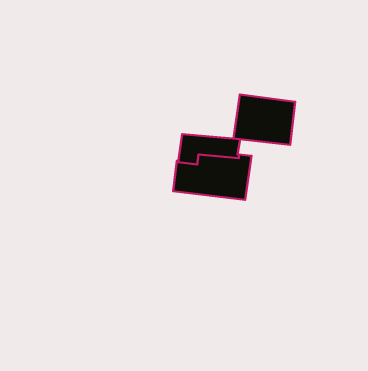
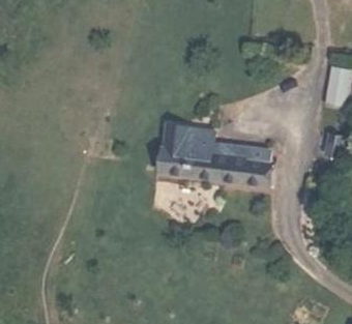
building: [234,94,295,145] -> [219,145,270,186]

